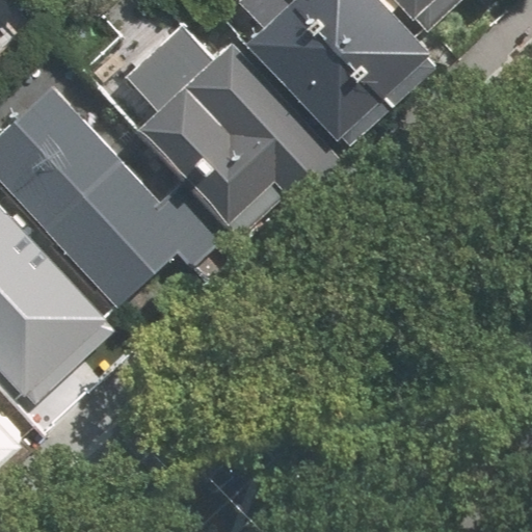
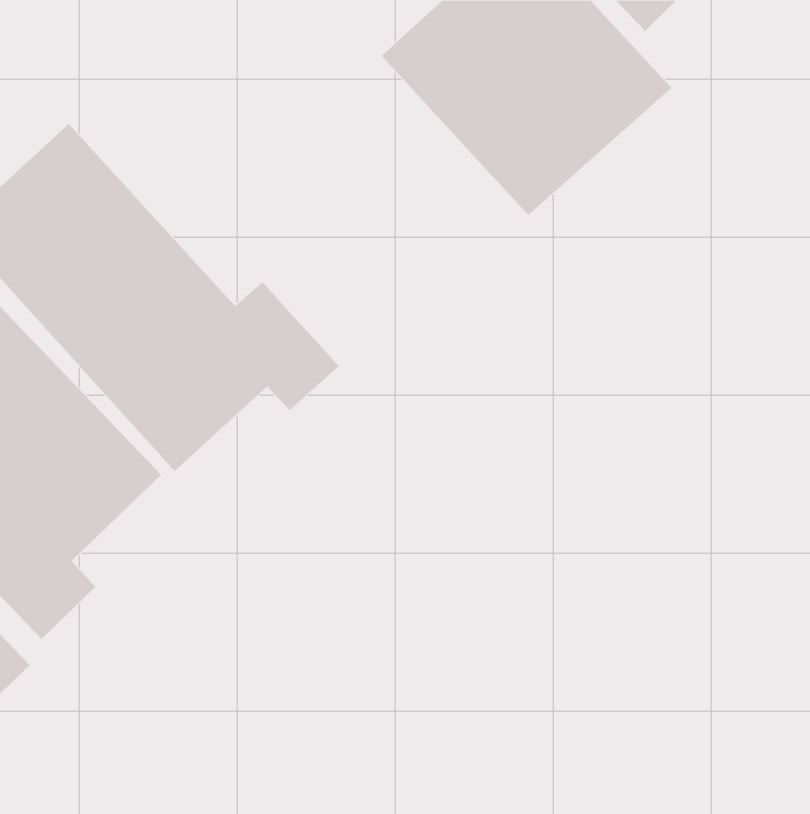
building: [132,38,339,234] -> none

